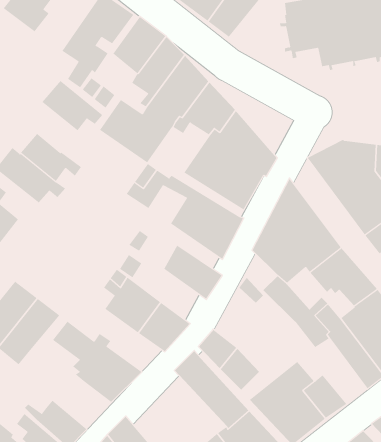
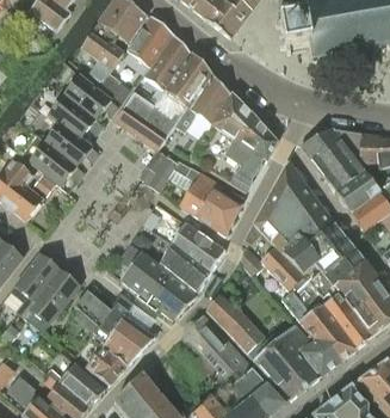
building: none -> [49,93,104,139]
building: none -> [161,242,211,290]
building: none -> [281,290,354,363]
building: none -> [86,343,126,382]

